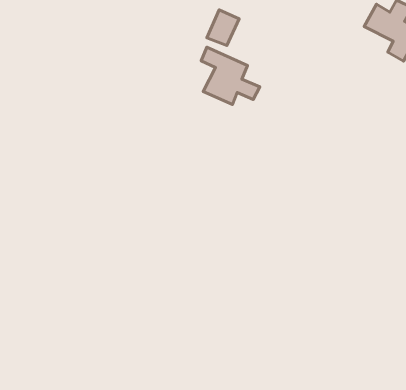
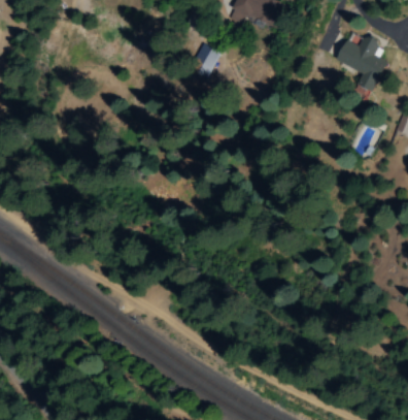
building: [201,47,260,104] -> none

